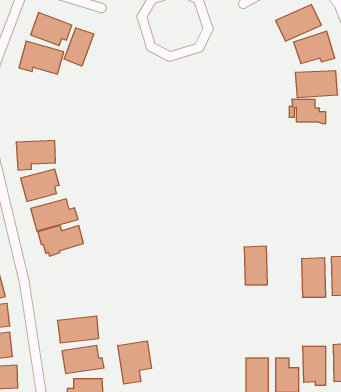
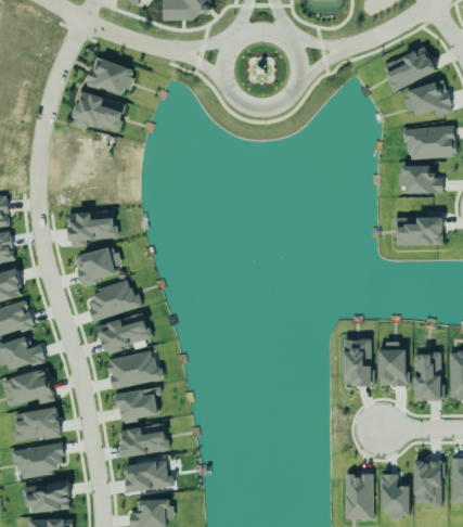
building: [64,28,94,66] -> none
building: none -> [395,210,443,246]
building: none -> [380,342,407,386]
building: none -> [107,352,164,388]
building: none -> [112,387,162,422]
building: [118,341,151,384] -> none

